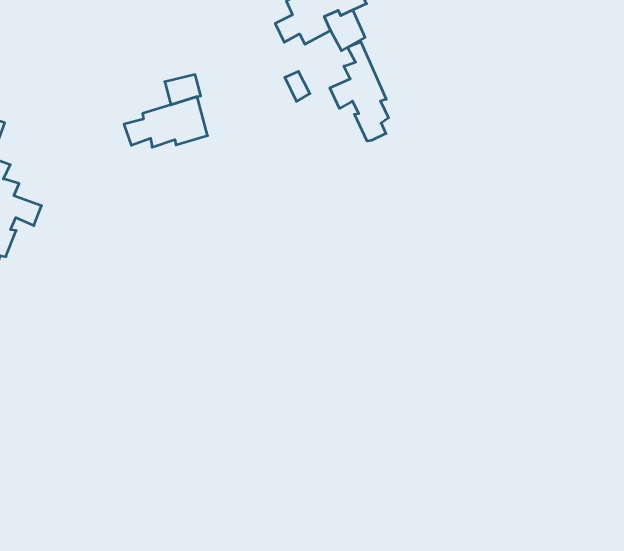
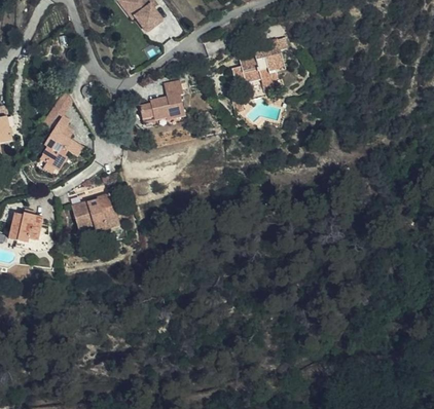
building: [330,42,388,141] -> none
building: none -> [72,191,119,230]

